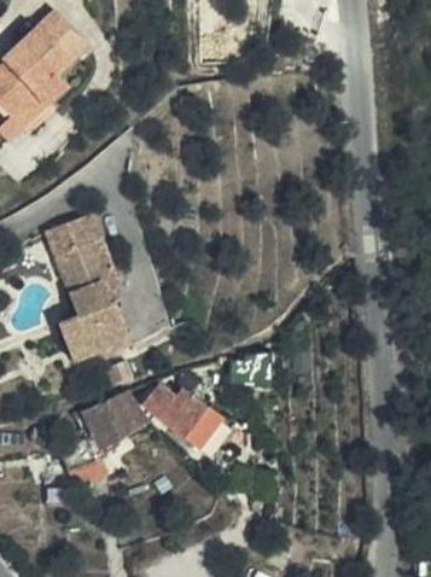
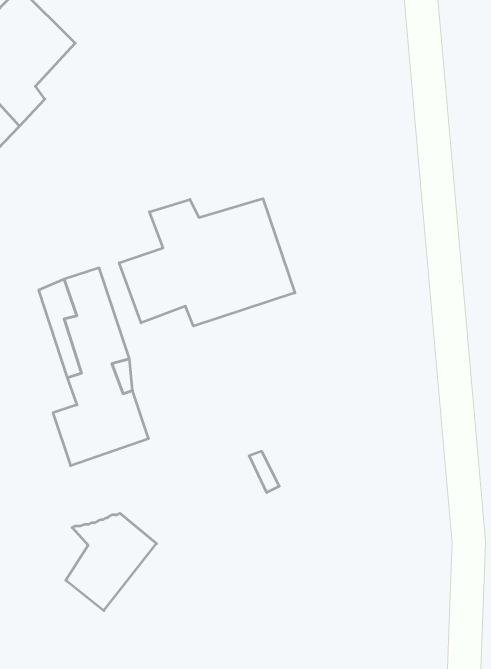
building: none -> [119,199,295,326]
building: [138,390,221,449] -> none

